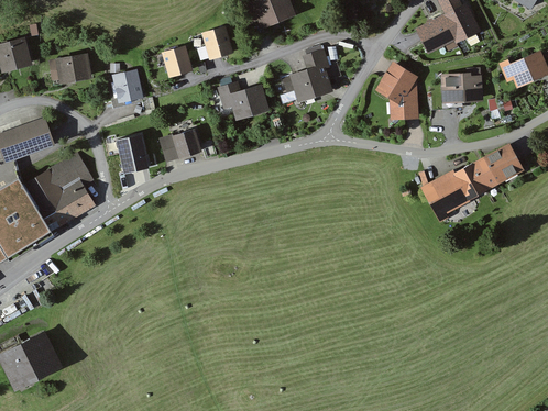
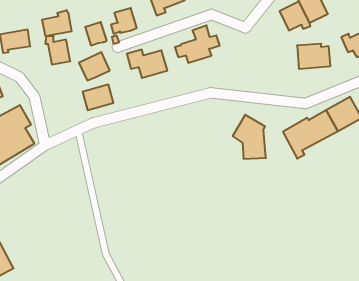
building: none -> [42,10,72,36]
building: [376,63,420,121] -> [233,115,266,159]
building: [109,131,150,168] -> [79,52,110,80]

